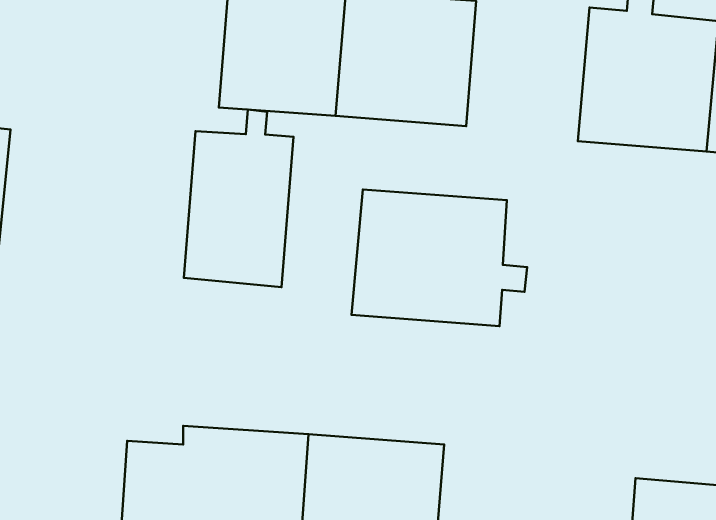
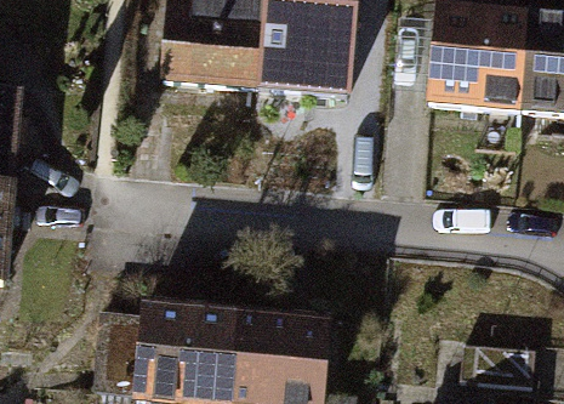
building: [184,110,294,287] -> none
building: [352,189,527,326] -> none

